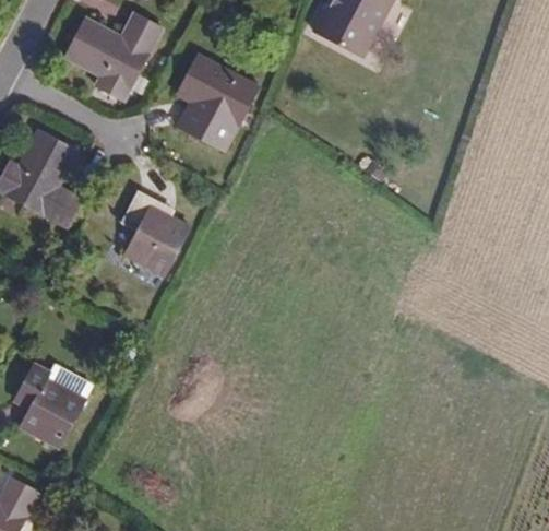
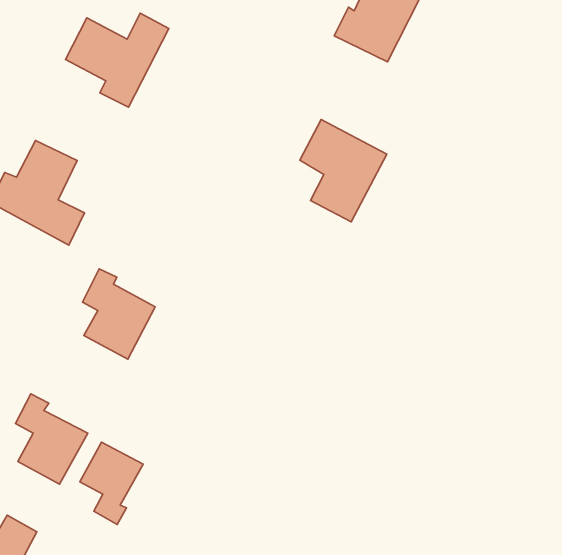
building: [177,57,256,151] -> [300,120,387,222]
building: [123,189,190,272] -> [83,269,155,359]
building: none -> [80,442,143,525]

